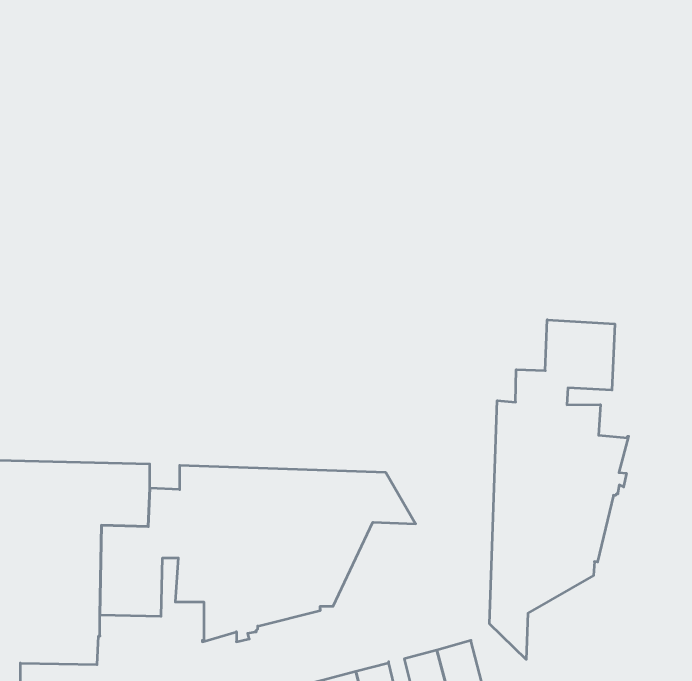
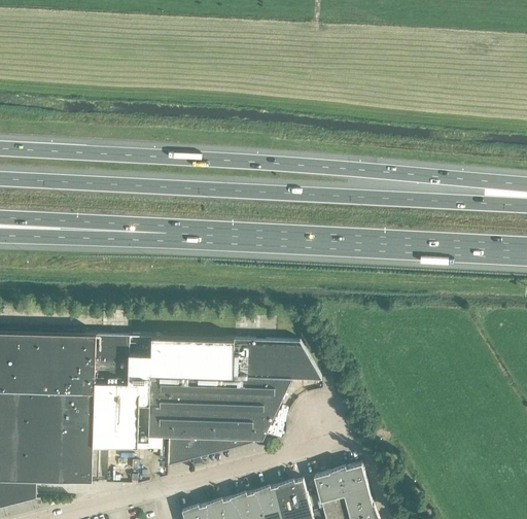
building: [490,320,629,659] -> none

